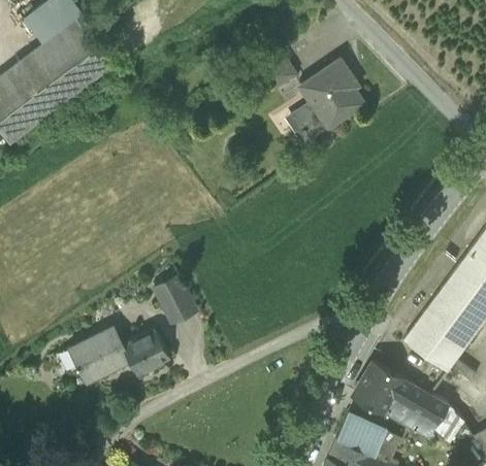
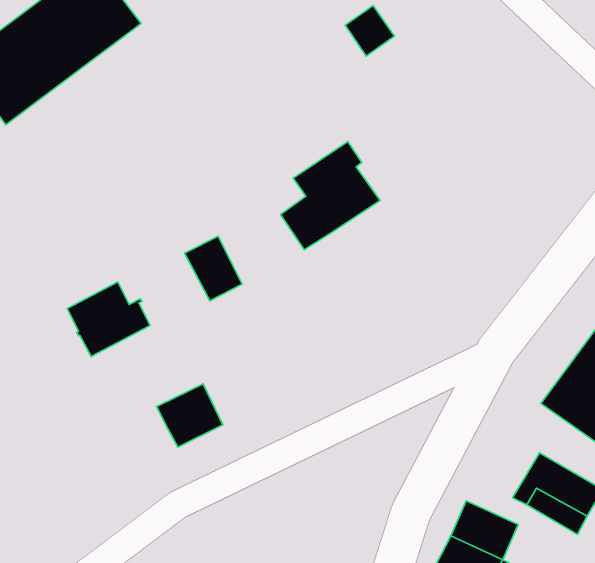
building: [290,59,363,138] -> [280,141,380,250]
building: [153,274,195,322] -> [185,236,242,301]
building: [68,329,129,384] -> [67,282,150,356]
building: [354,363,401,412] -> none

